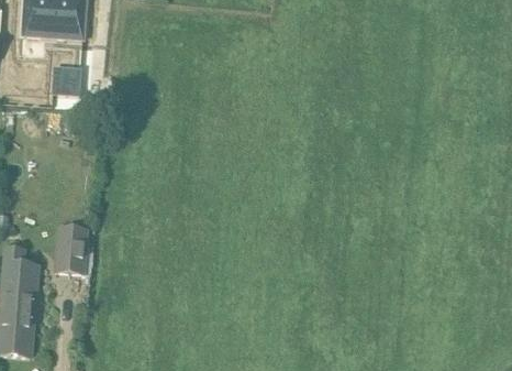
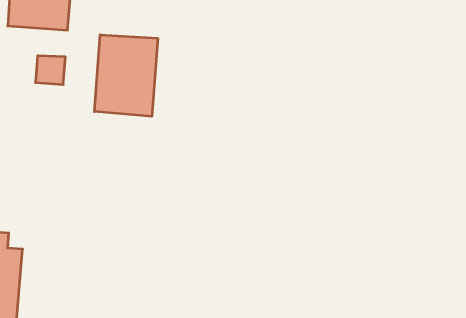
building: none -> [94,35,158,116]
building: [56,227,86,273] -> none

